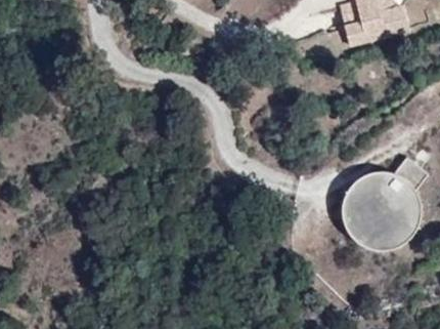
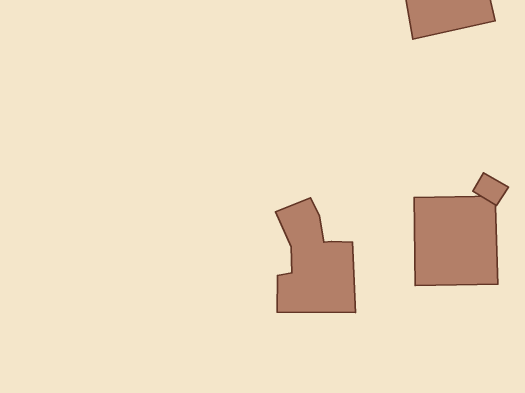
building: none -> [276,198,355,312]

